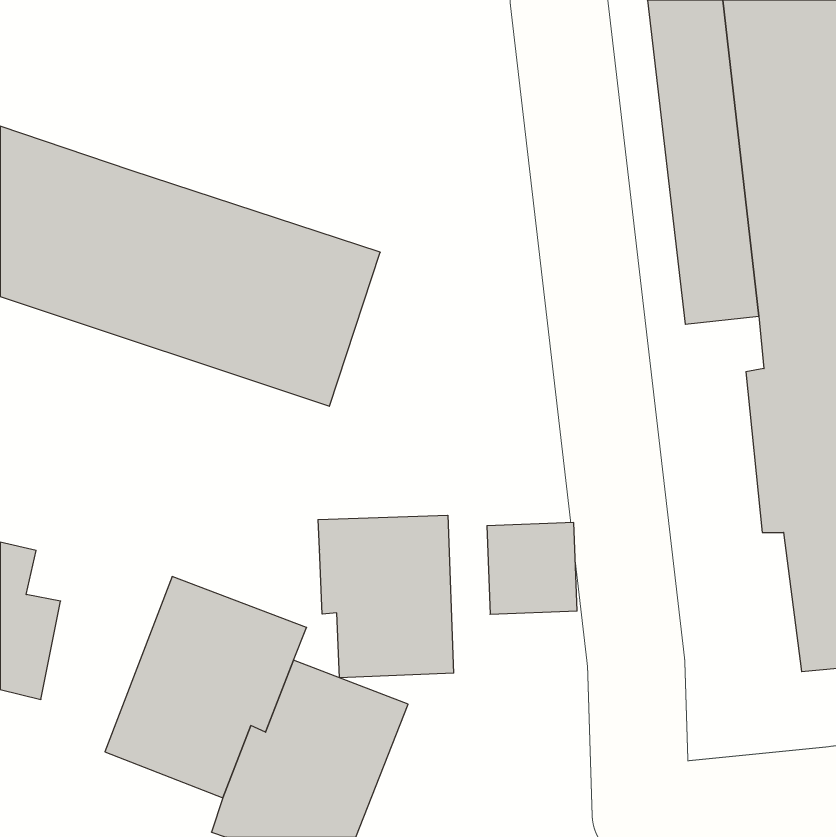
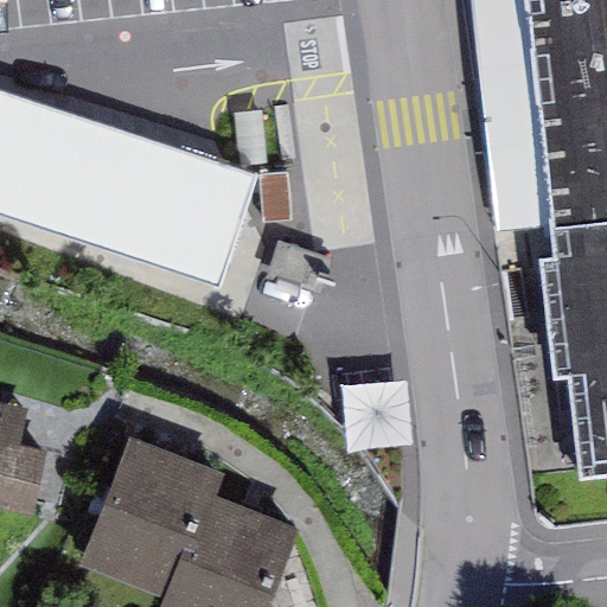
building: [318,515,454,678] -> none

